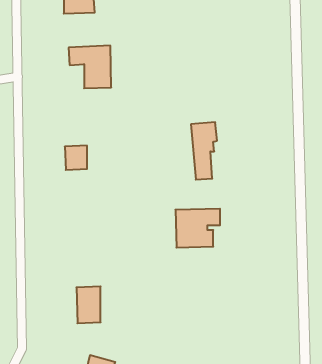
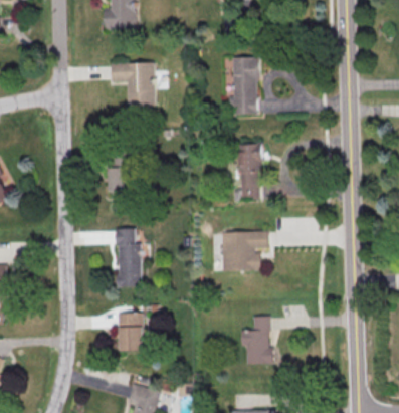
building: none -> [232,56,259,115]
building: none -> [114,228,142,287]
building: none -> [244,317,272,364]

